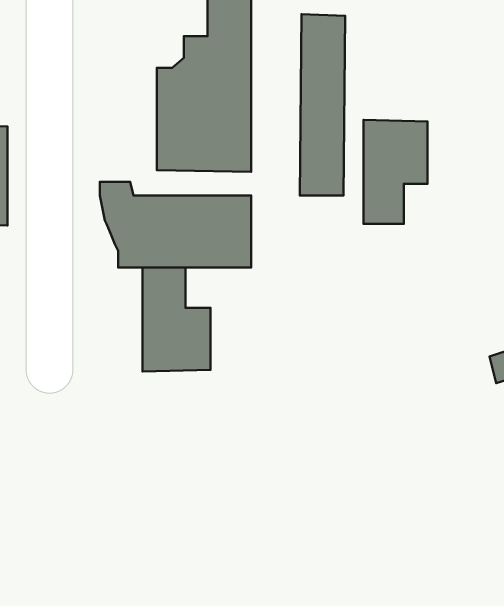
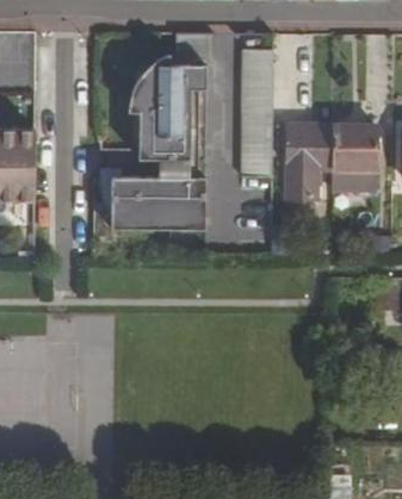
building: none -> [330,125,376,183]
building: [142,268,210,372] -> none

